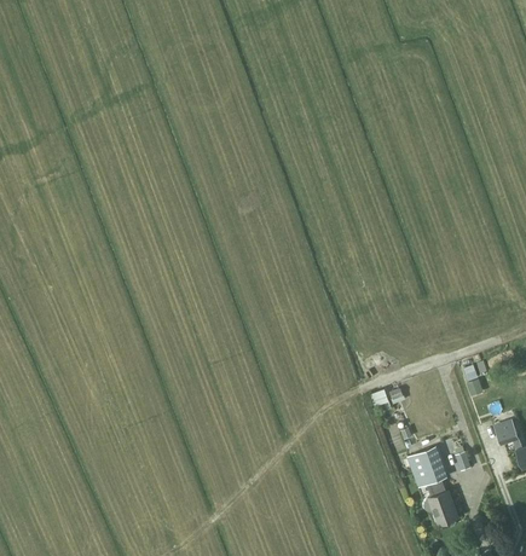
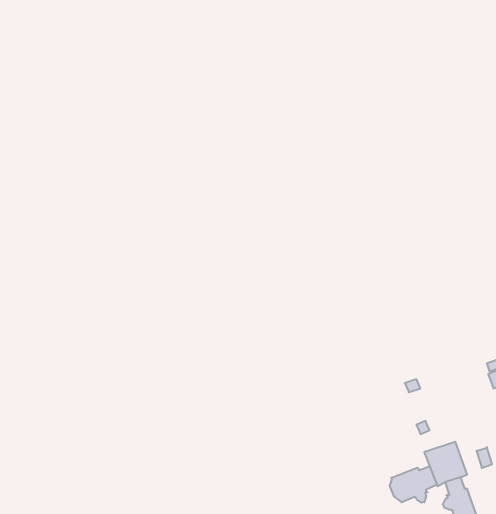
building: none -> [390,466,437,503]

